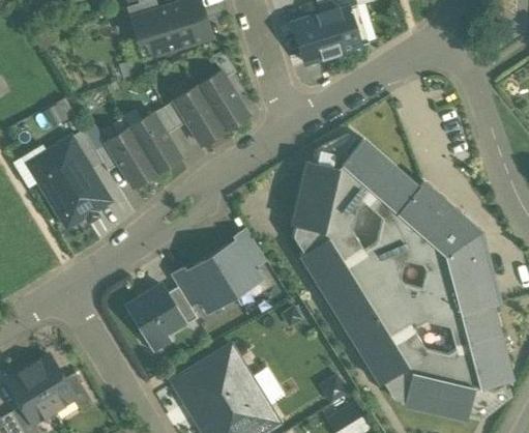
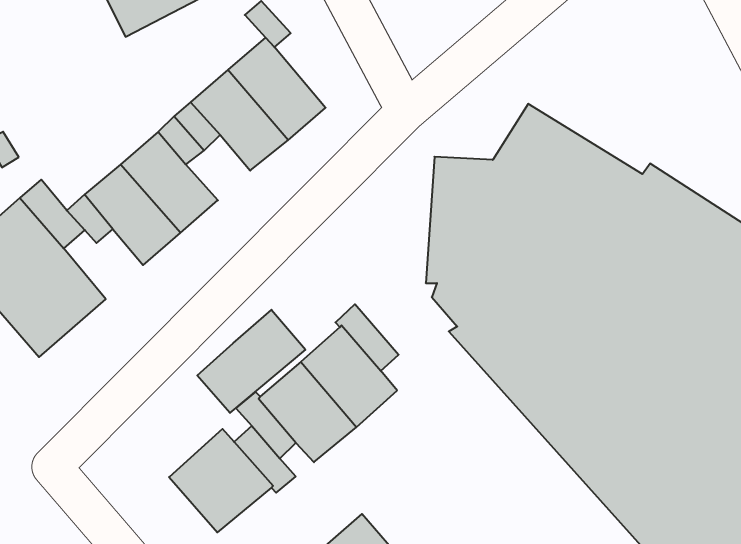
building: none -> [197,310,305,413]

